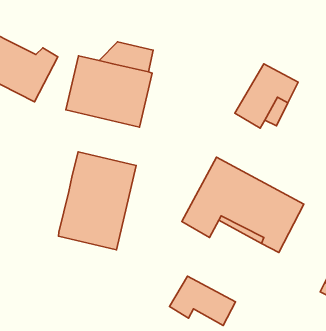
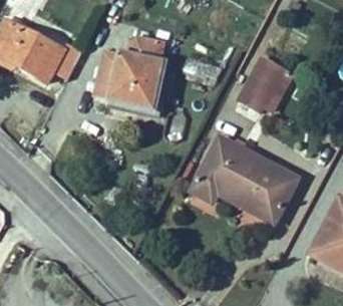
building: [58,152,136,250] -> none
building: [170,276,236,325] -> none

